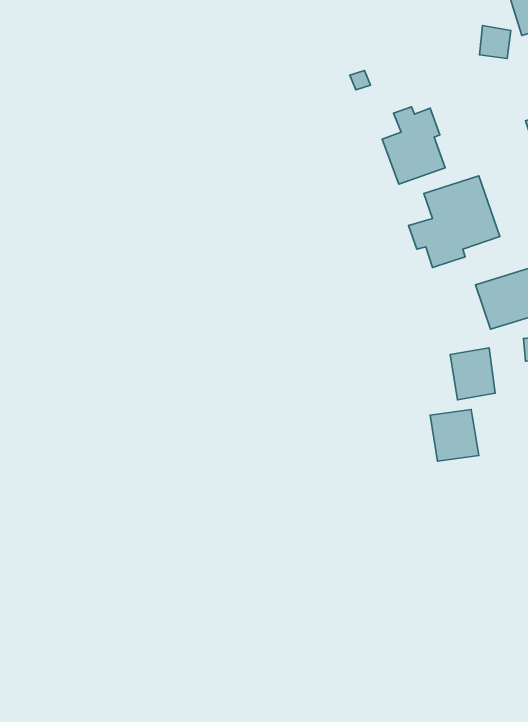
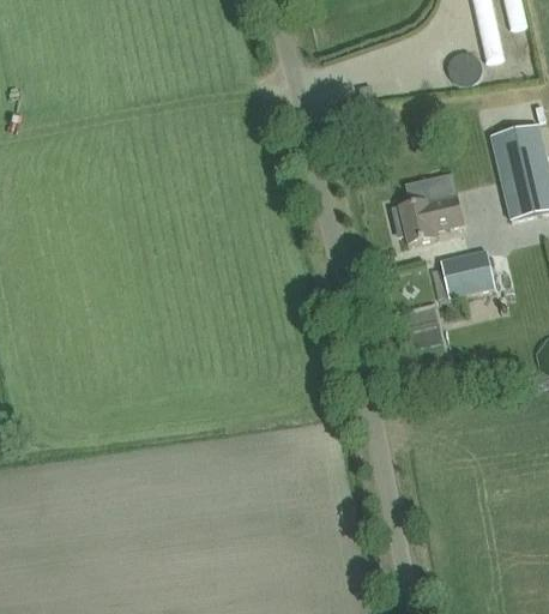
building: [382,107,445,184] -> none
building: [430,410,479,461] -> none

